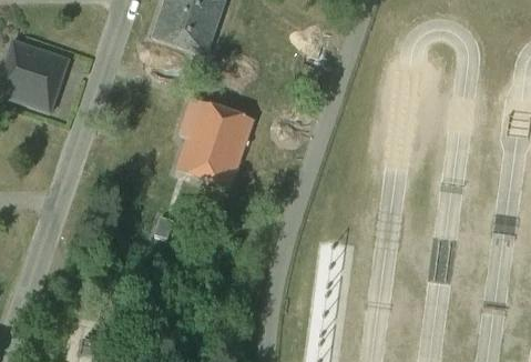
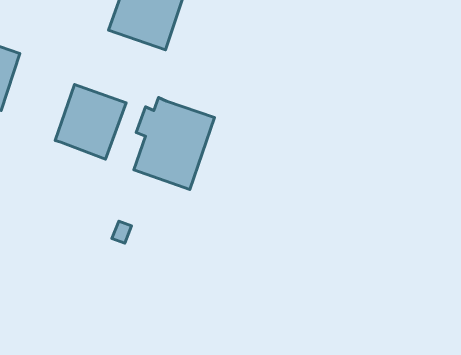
building: none -> [55,85,126,159]

